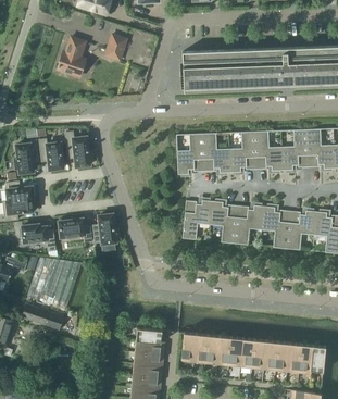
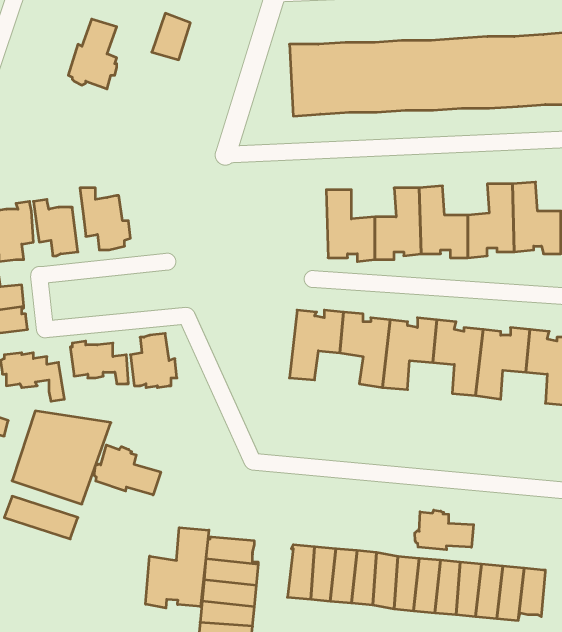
building: [177,133,204,174] -> none
building: none -> [94,445,161,495]
building: none -> [415,510,474,550]
building: none -> [146,528,209,608]

